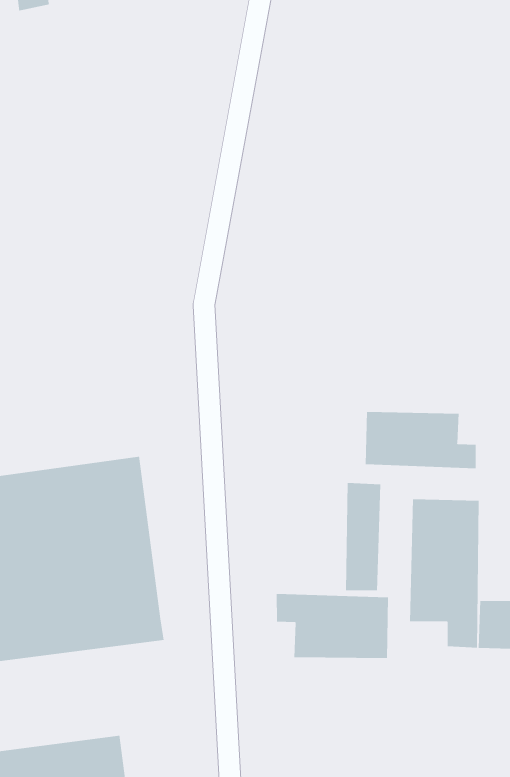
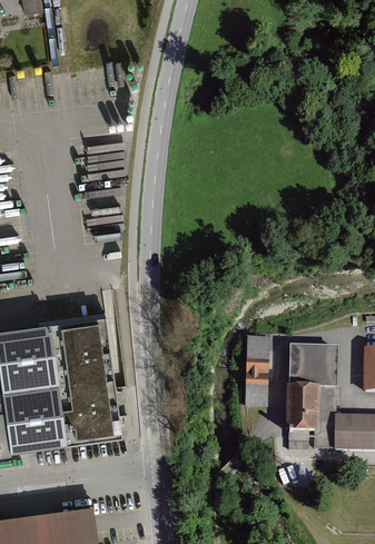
building: [365,411,476,469] -> none
building: [276,593,388,659] -> none

